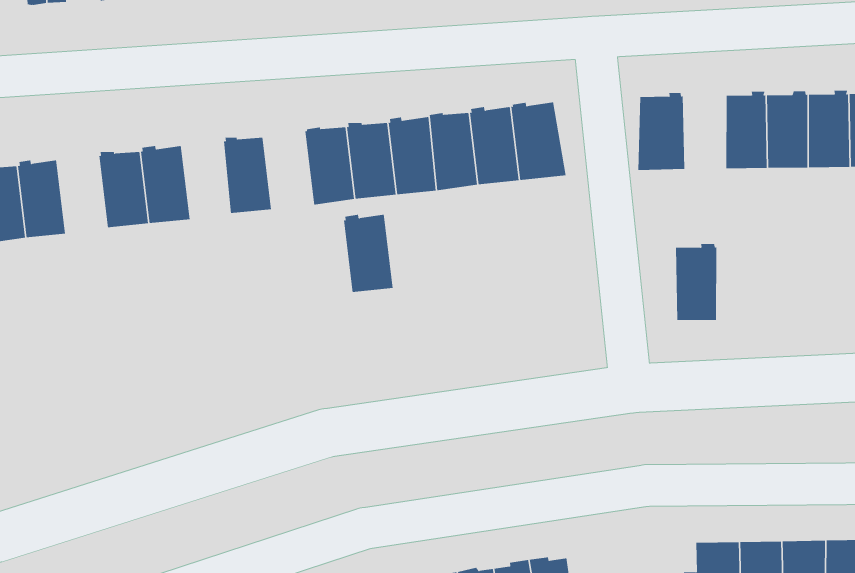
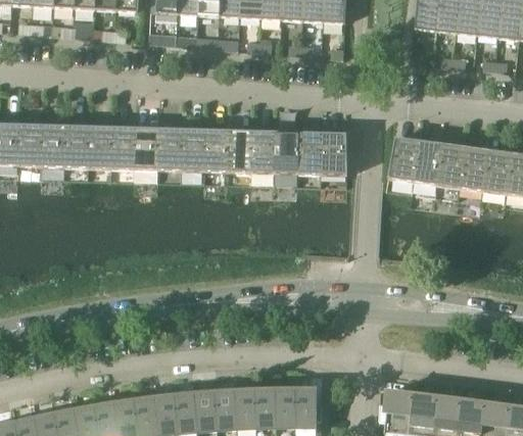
building: none -> [135,127,159,169]
building: none -> [64,125,89,167]
building: [343,214,393,293] -> [181,128,205,172]
building: [675,243,717,321] -> [414,141,442,185]

